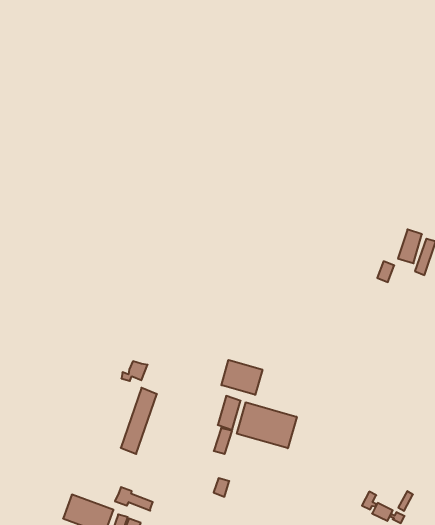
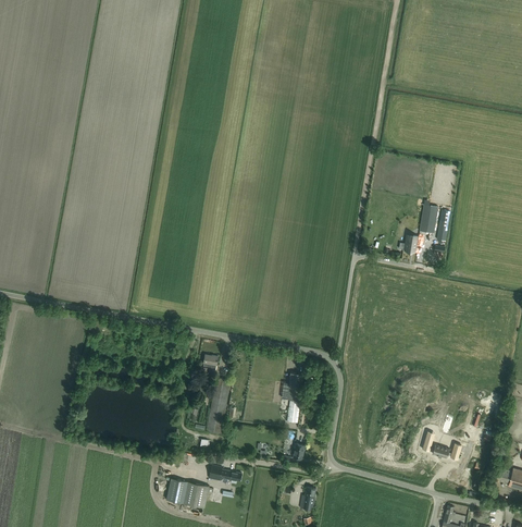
building: [221,360,262,395] -> none
building: [237,402,297,448] -> none

